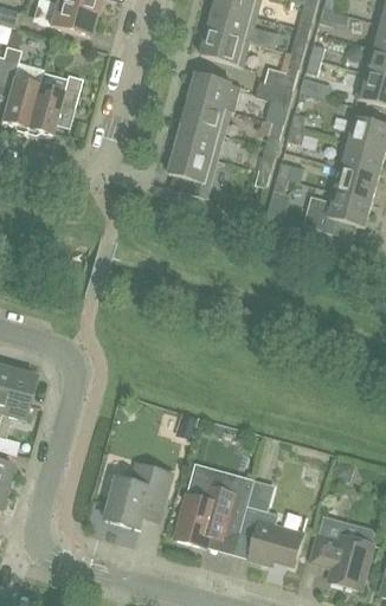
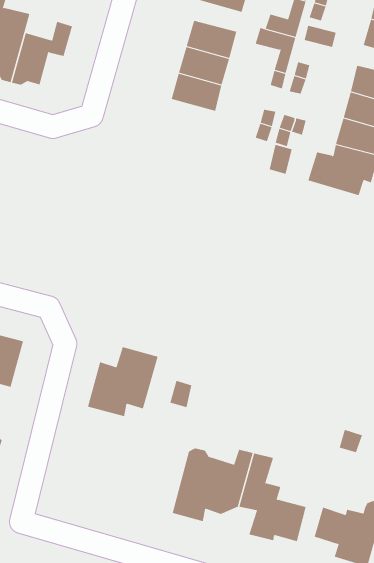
building: [169,147,218,183] -> none
building: [105,462,173,528] -> [87,347,159,417]

